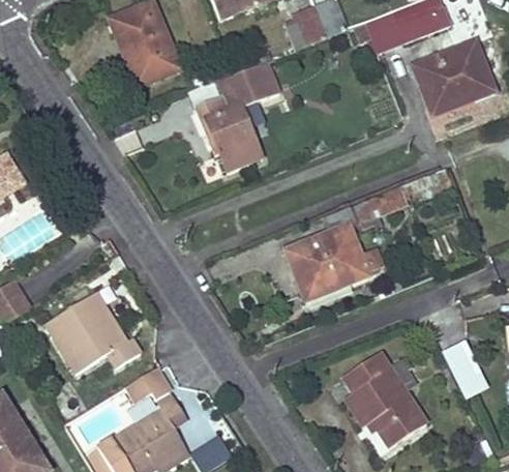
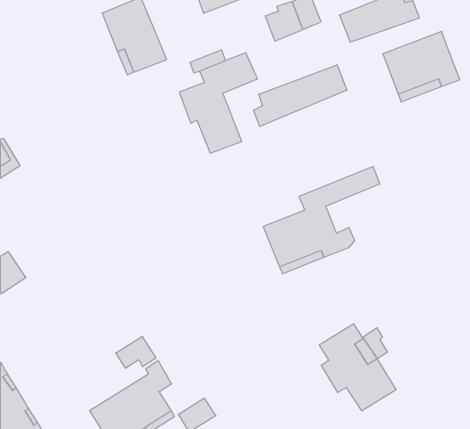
building: none -> [254,65,347,126]
building: [43,293,140,373] -> none
building: [445,337,493,403] -> none

